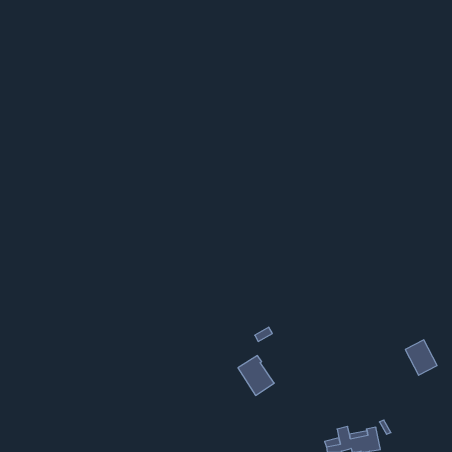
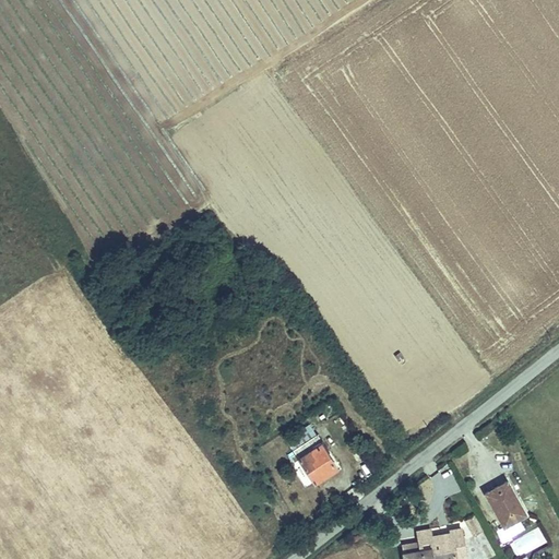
building: [405,340,437,375] -> [487,485,526,528]
building: none -> [515,527,547,554]

